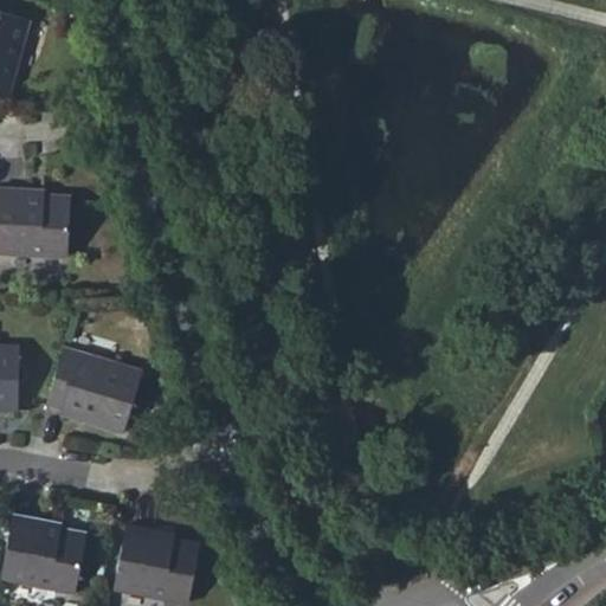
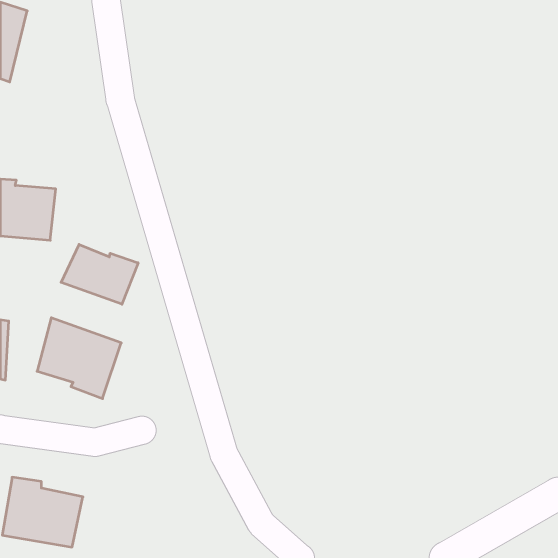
building: none -> [61,244,138,304]
building: [117,524,201,597] -> none

